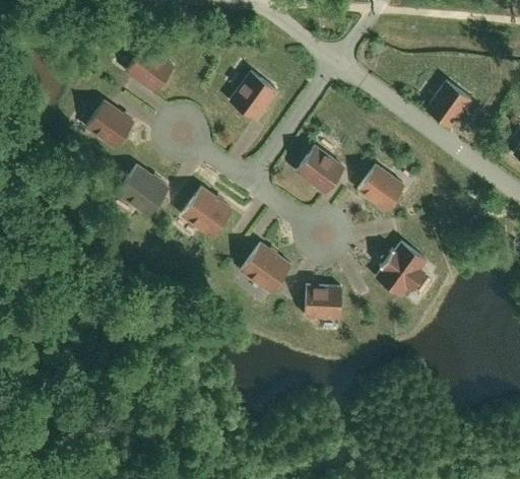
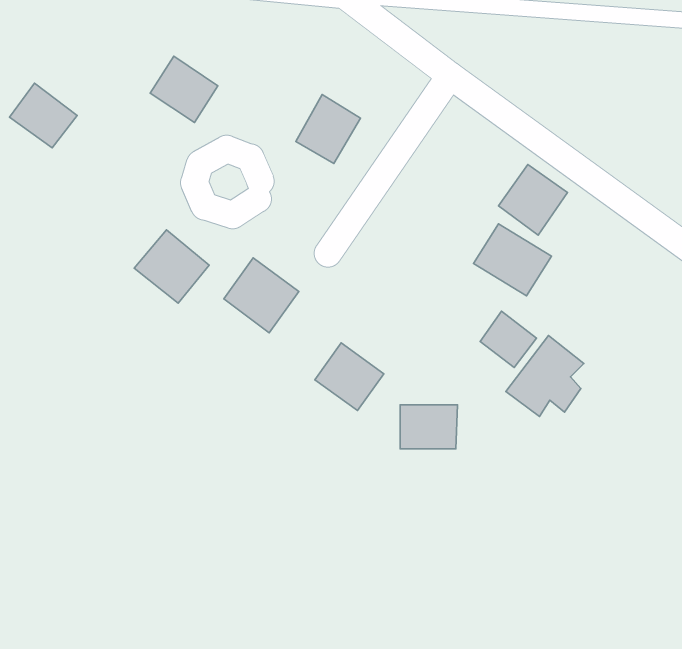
building: [426,79,473,128] -> [499,165,568,235]
building: [89,101,136,146] -> [10,83,77,148]
building: [298,146,342,191] -> none
building: none -> [480,311,537,367]

